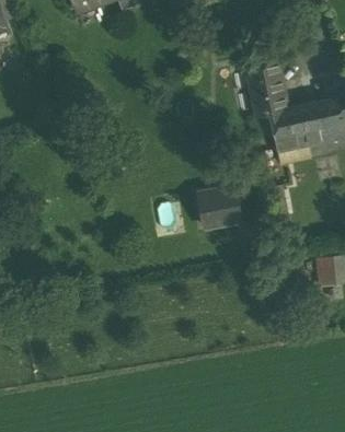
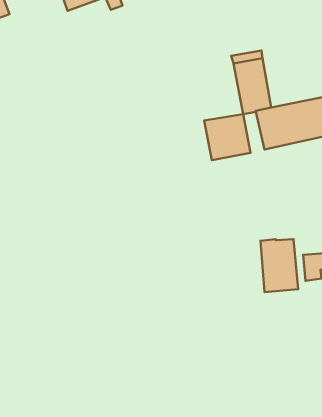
building: [196,185,243,232] -> [204,114,251,160]
building: none -> [260,239,298,292]

